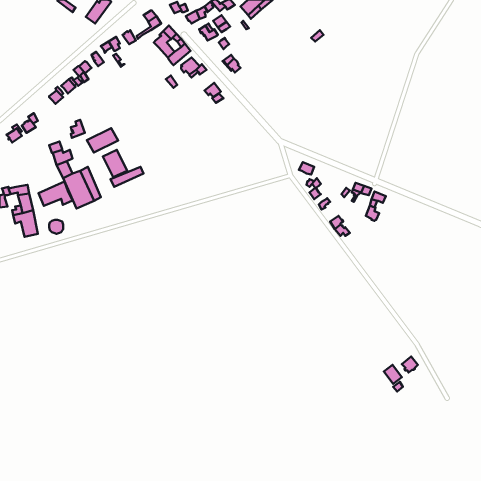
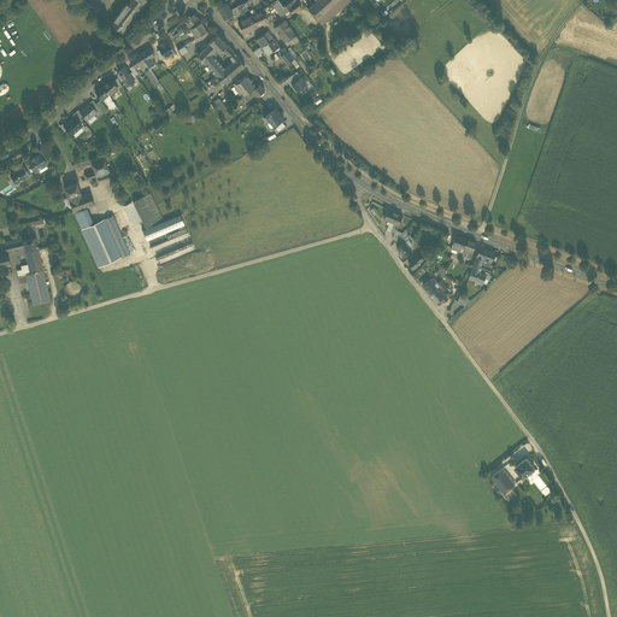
building: [87,128,118,153] -> none
building: [38,182,72,206] -> none

